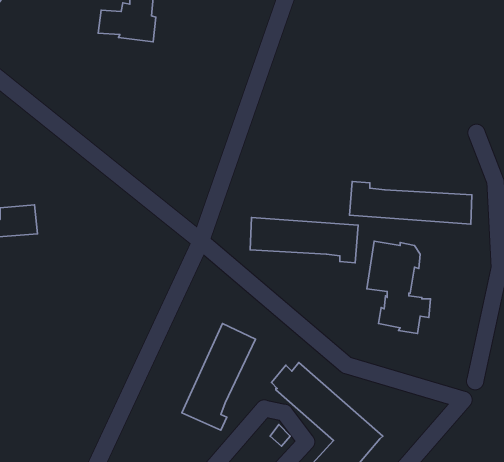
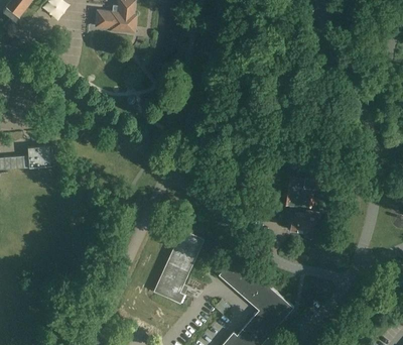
building: [350,182,472,224] -> none
building: [250,217,358,263] -> none

